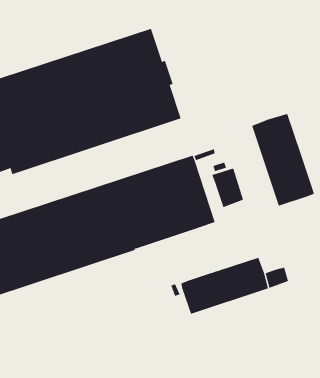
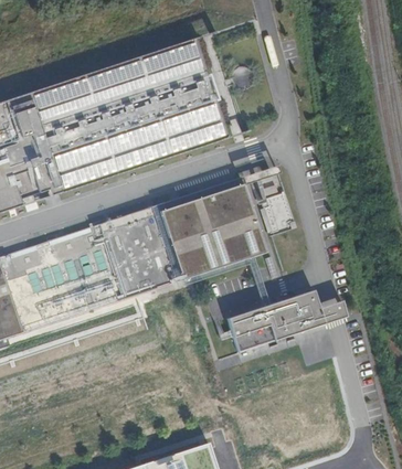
building: [251,113,314,206] -> none

